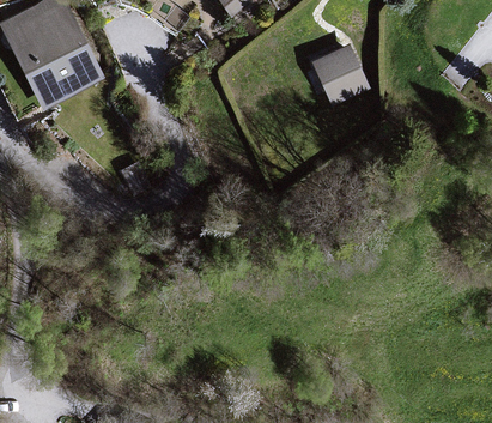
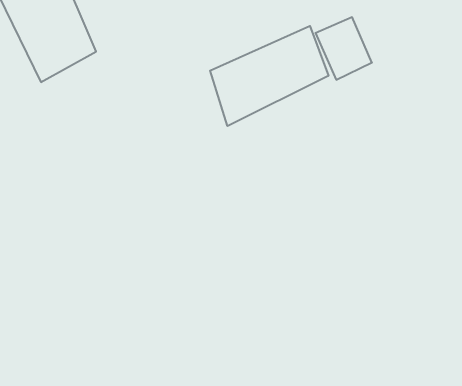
building: none -> [210,26,328,126]

